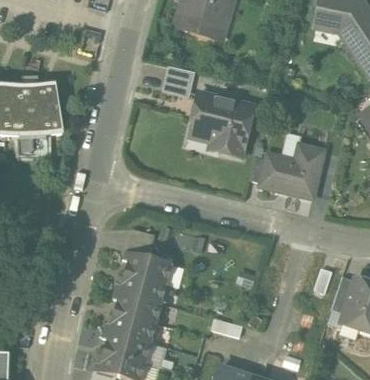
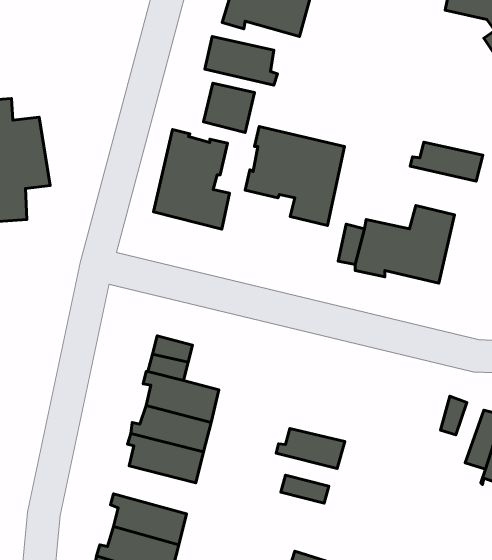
building: none -> [205,37,277,85]
building: none -> [153,130,230,229]
building: none -> [410,142,483,181]
building: none -> [276,428,345,469]
building: [104,312,157,343] -> none

